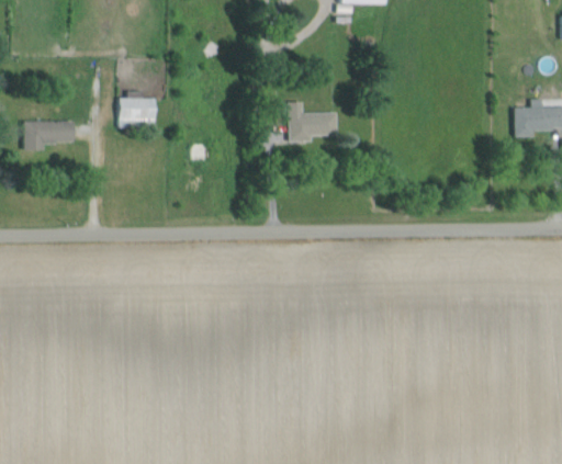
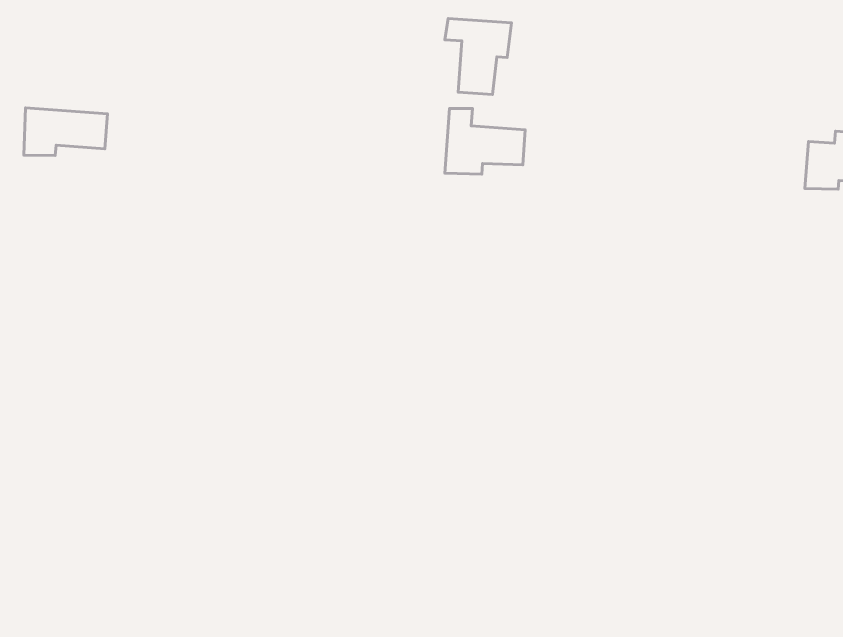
building: none -> [445,18,511,95]
building: [117,91,155,128] -> none

